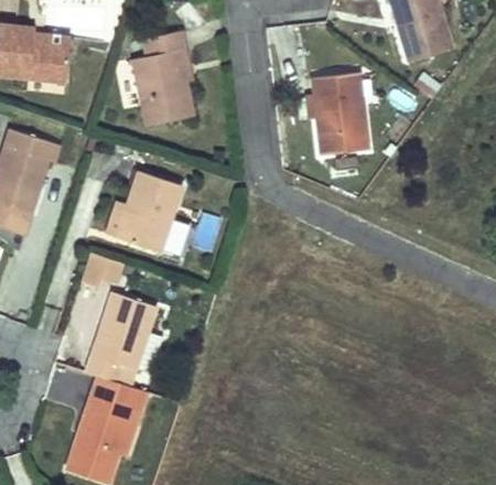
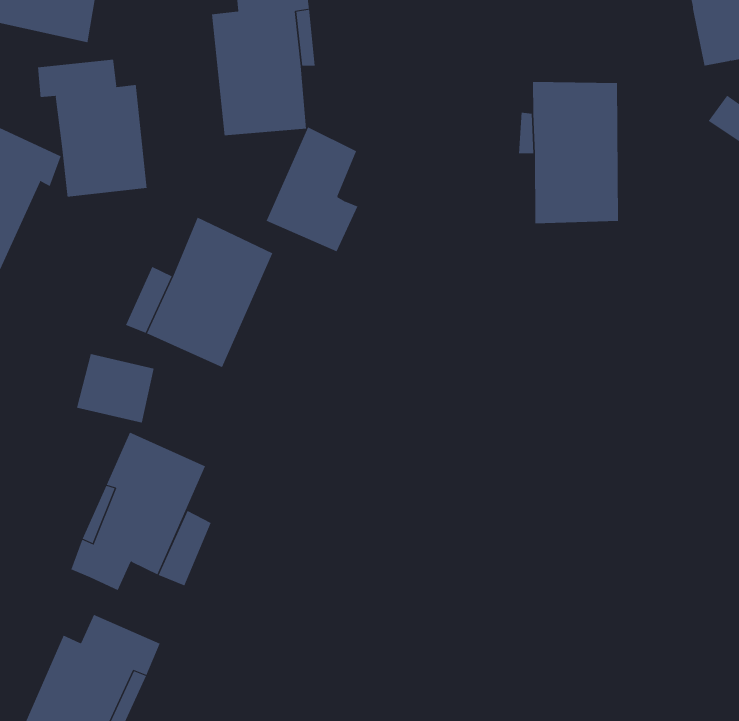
building: none -> [38,59,147,197]
building: none -> [266,127,358,252]
building: [88,376,148,412] -> none

